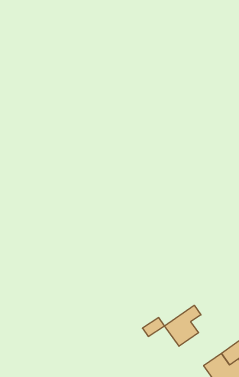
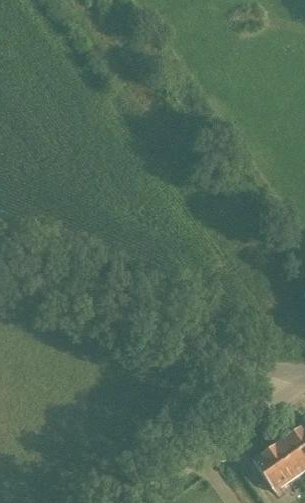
building: [164,305,201,346] -> none

